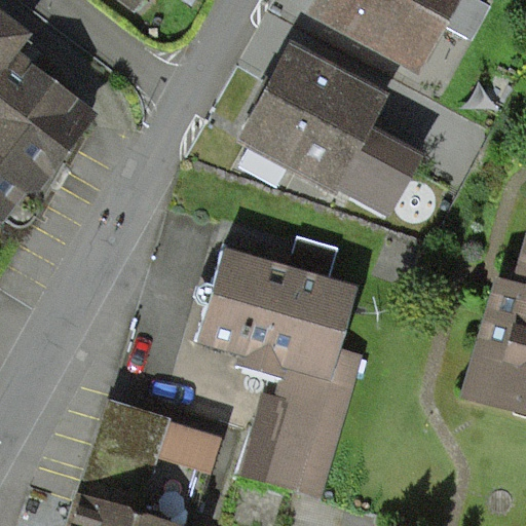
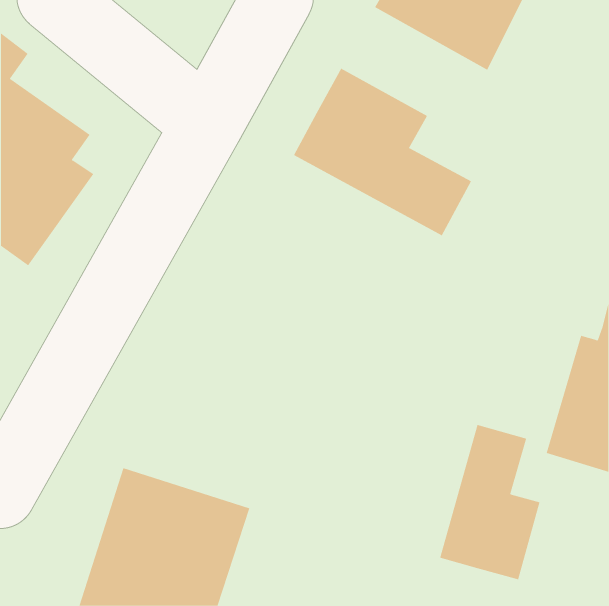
building: [193,251,358,495] -> none
building: none -> [439,424,540,580]

